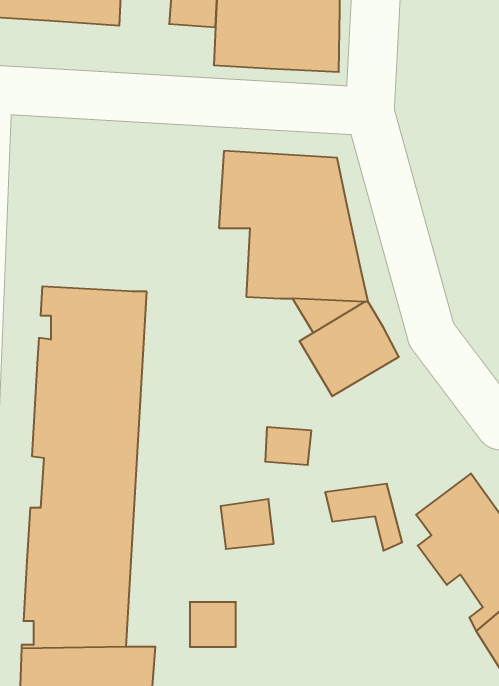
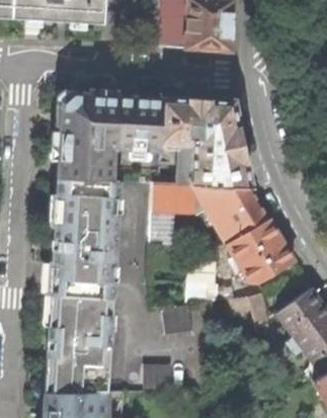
building: none -> [49,91,163,180]
building: none -> [150,182,202,212]
building: none -> [225,219,293,284]

